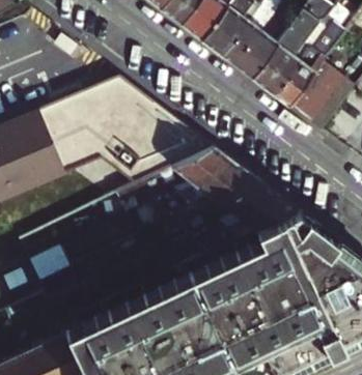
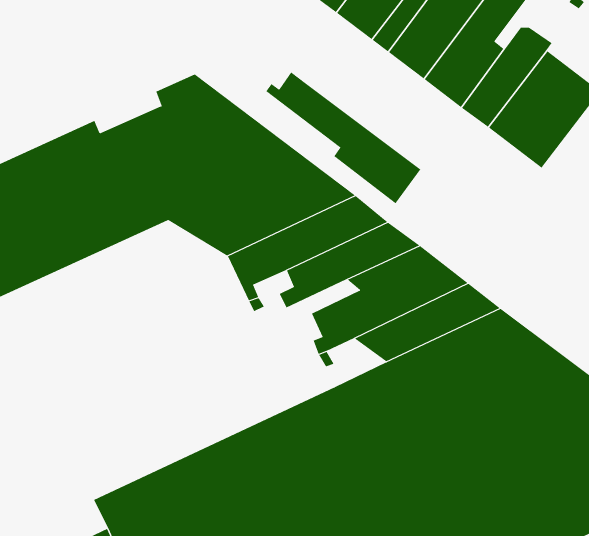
building: none -> [265,72,421,204]

